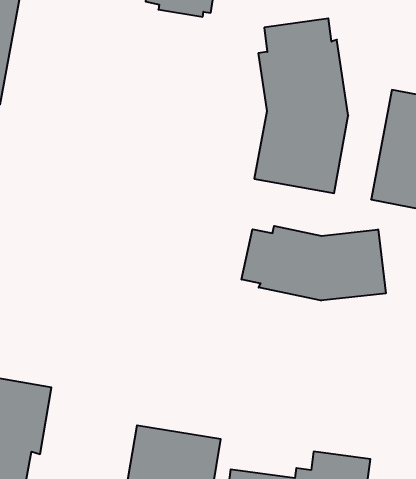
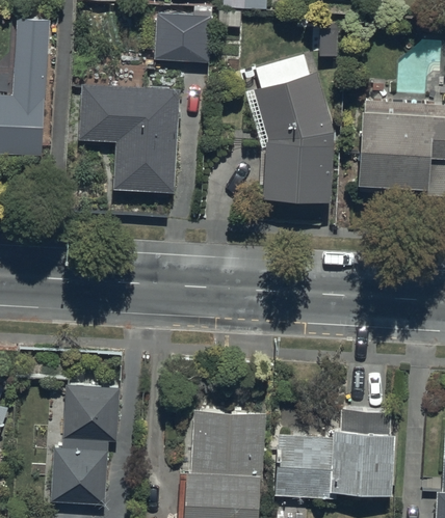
building: none -> [81,88,182,197]
building: [242,226,386,301] -> none

